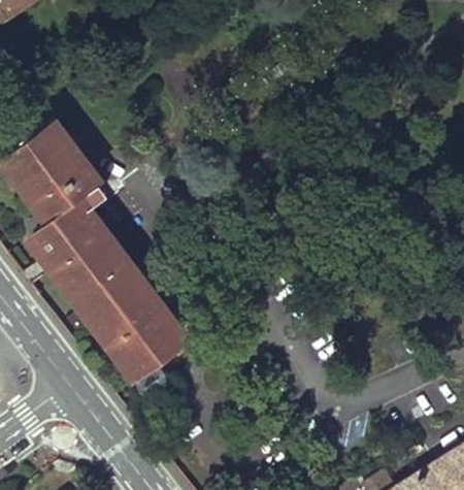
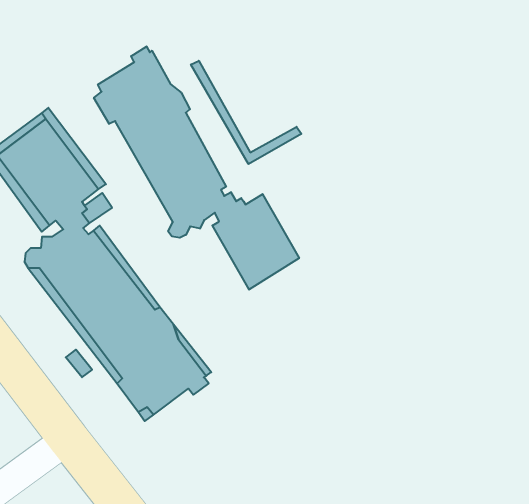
building: none -> [94,46,299,290]
building: none -> [191,61,301,164]

